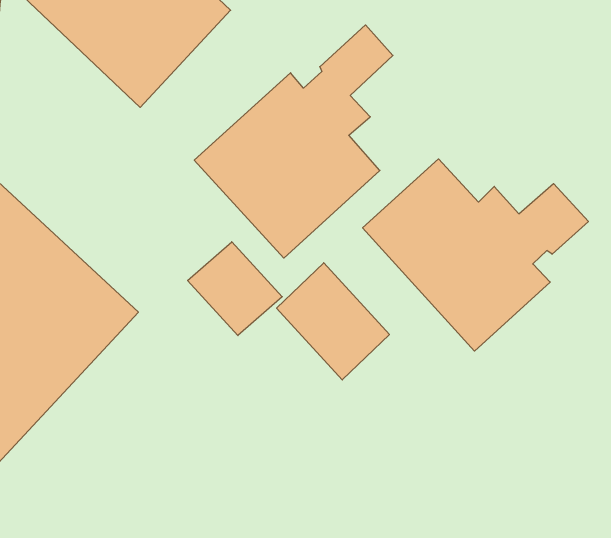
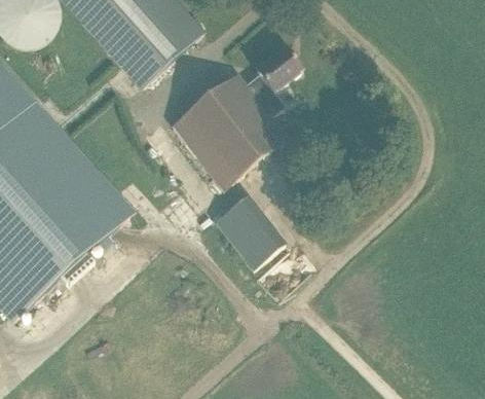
building: [363,159,588,351] -> none
building: [188,242,282,336] -> none

